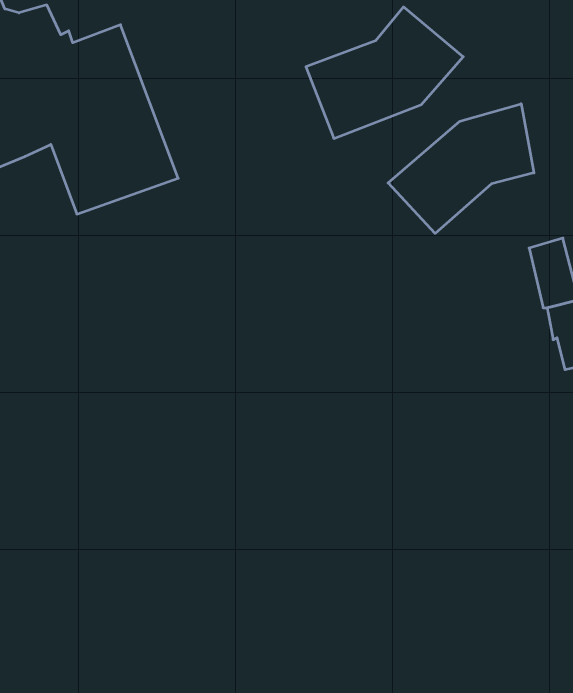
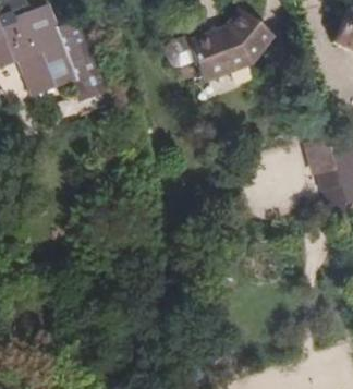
building: [388,104,534,233] -> none

